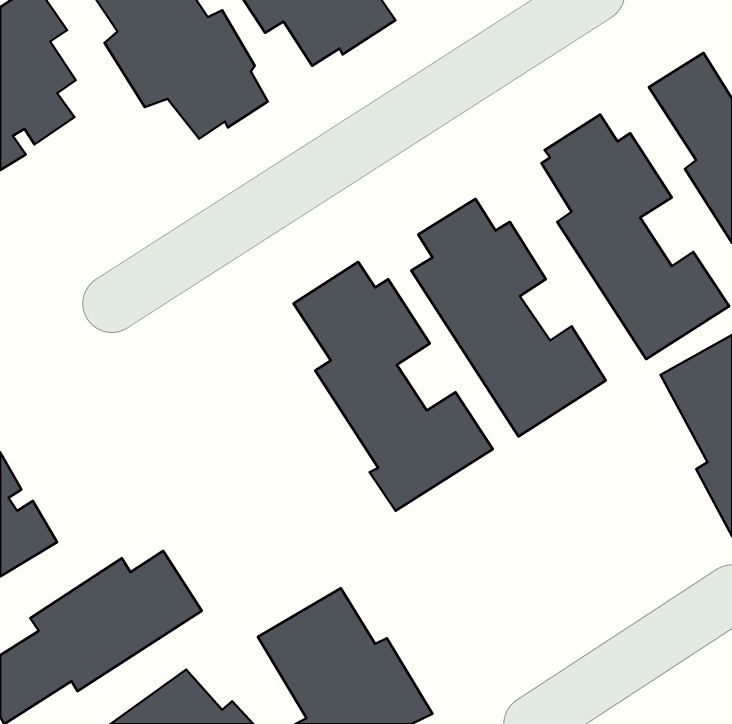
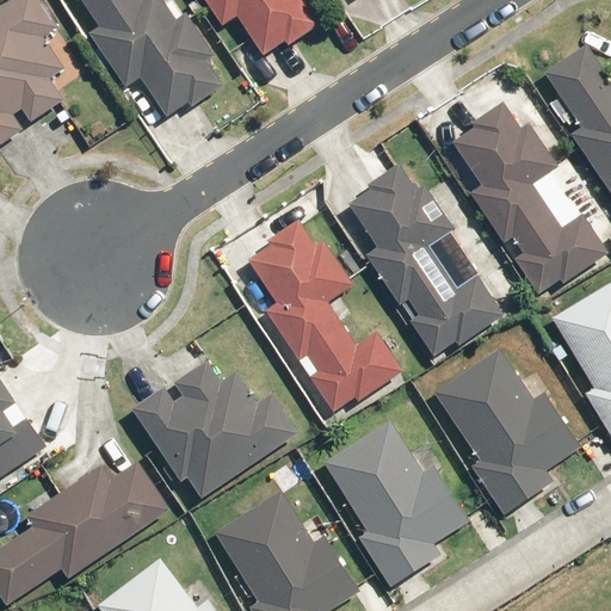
building: none -> [432,346,581,517]
building: none -> [131,359,297,496]
building: none -> [321,421,468,586]

